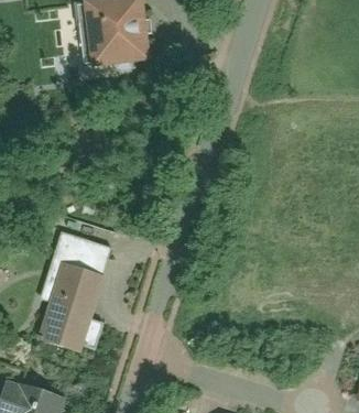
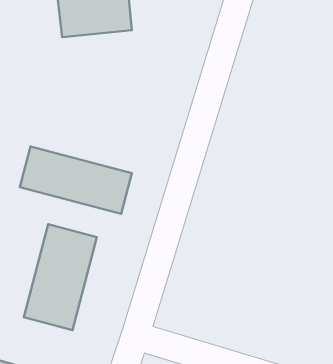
building: none -> [20,147,132,214]

